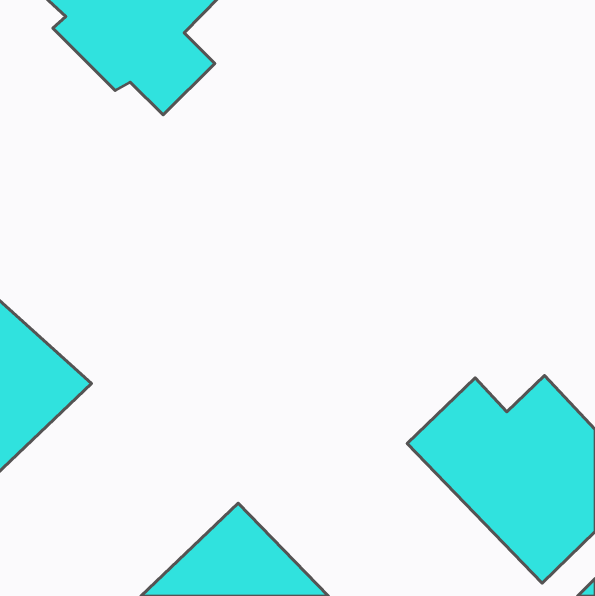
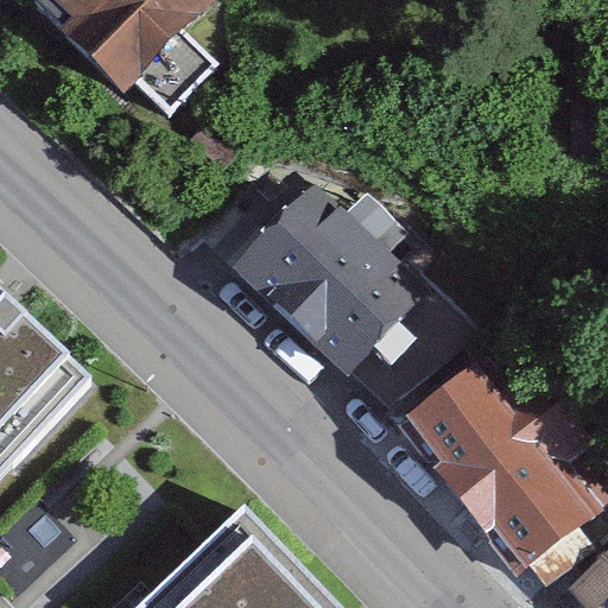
building: none -> [224,184,475,404]

